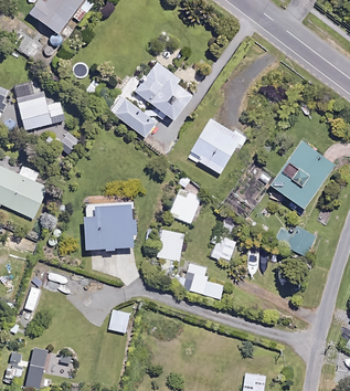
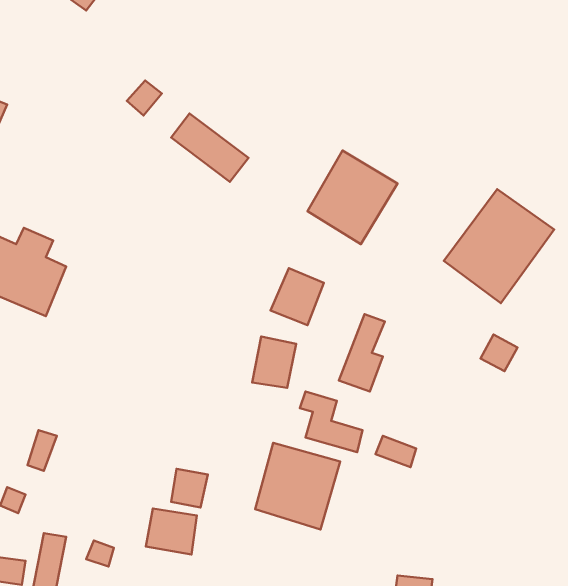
building: [128,60,192,119] -> none
building: [14,96,63,130] -> none
building: [87,193,140,249] -> none
building: none -> [255,443,340,529]
building: none -> [146,508,197,554]

